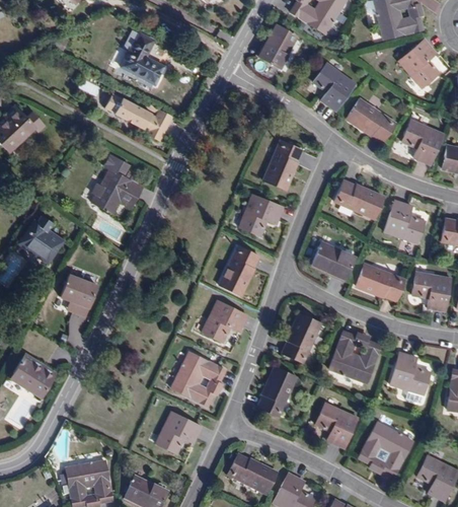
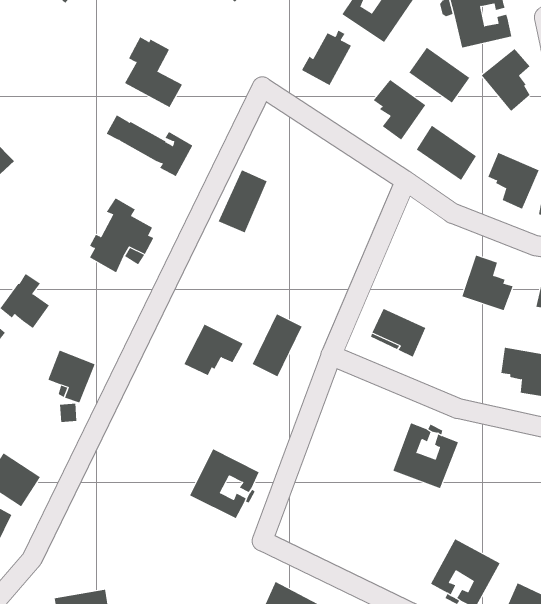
building: none -> [409,47,470,104]
building: [263,140,302,190] -> [218,169,267,233]
building: [335,180,384,218] -> none
building: [239,194,284,234] -> none
building: [356,263,404,299] -> none
building: [202,300,248,341] -> [183,324,243,376]
building: [283,313,321,362] -> none
building: [390,351,430,403] -> none
building: [258,367,296,416] -> none
building: [317,404,358,448] -> none
building: [155,411,202,452] -> none

